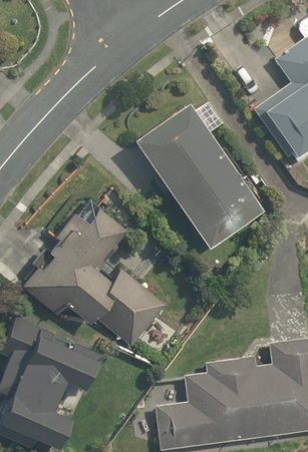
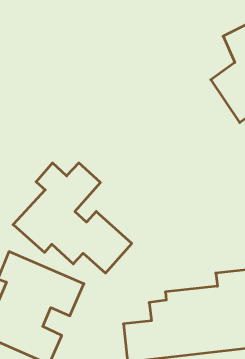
building: [134,103,270,252] -> none

